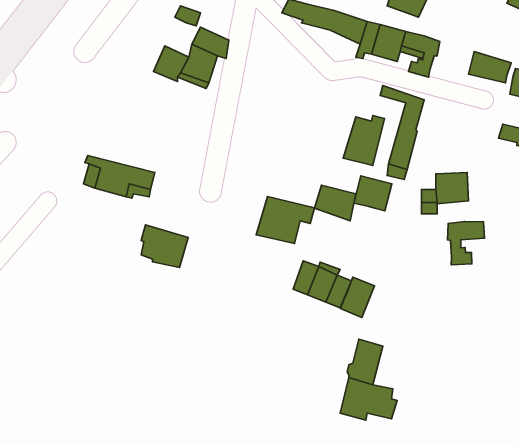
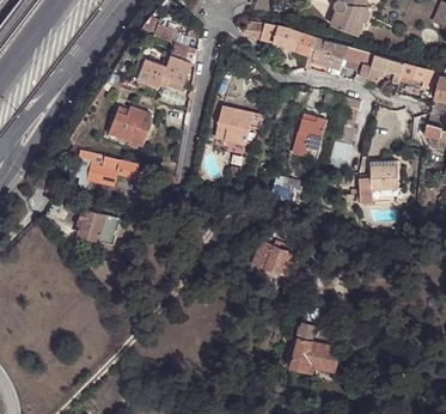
building: none -> [367,55,404,85]
building: none -> [108,106,151,148]
building: [354,176,392,211] -> none
building: [256,196,315,243] -> [212,106,261,146]
building: [448,222,485,265] -> none
building: [141,225,188,268] -> [78,208,117,244]
building: [340,277,374,317] -> none

